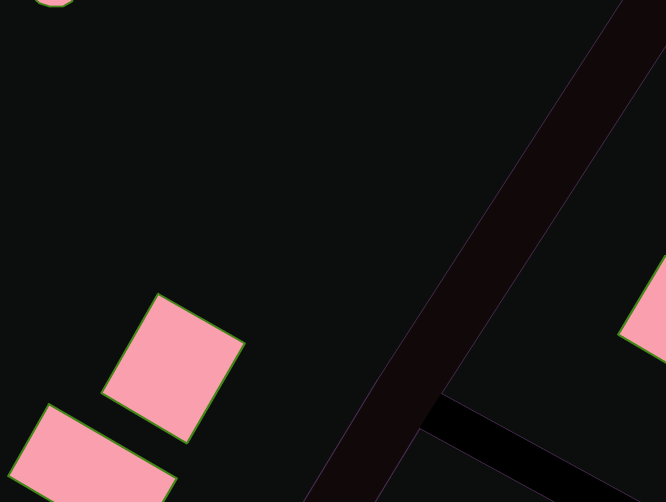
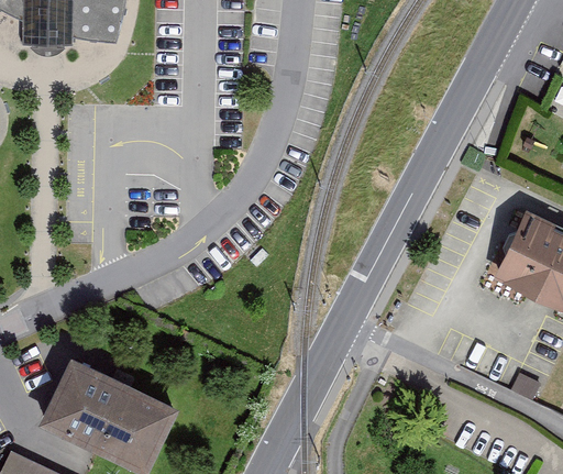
building: [102,294,245,443] -> none

